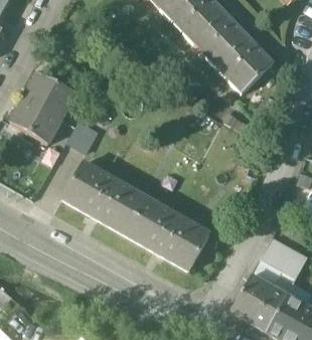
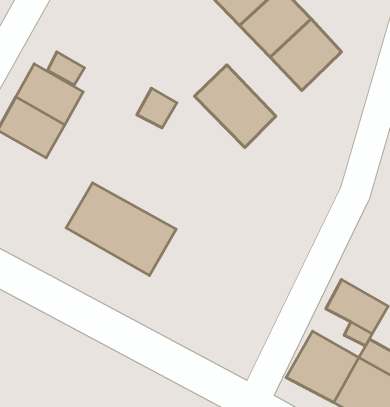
building: none -> [194,65,276,148]
building: [67,122,98,152] -> [137,88,177,128]
building: [126,199,208,271] -> none

